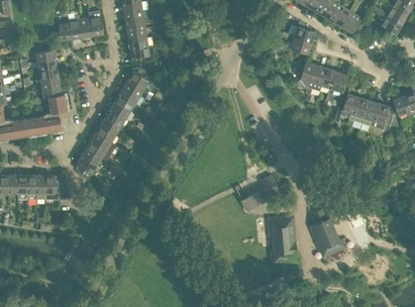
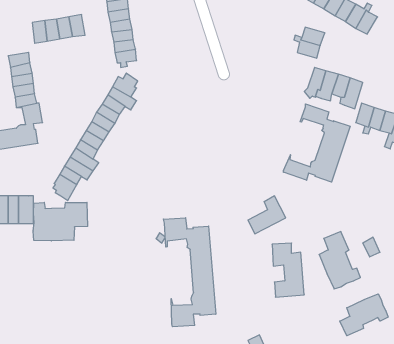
building: none -> [283,104,350,182]
building: none -> [33,202,88,241]
building: none -> [163,218,216,327]
building: none -> [340,294,388,336]

